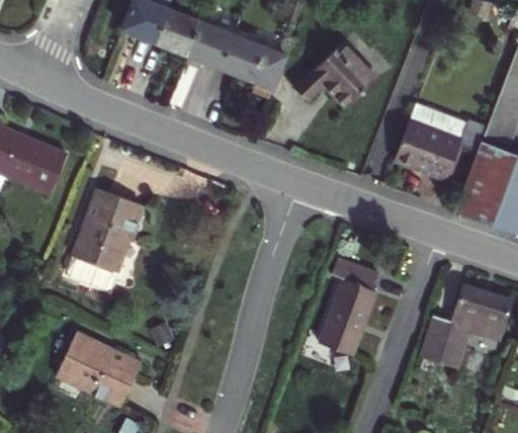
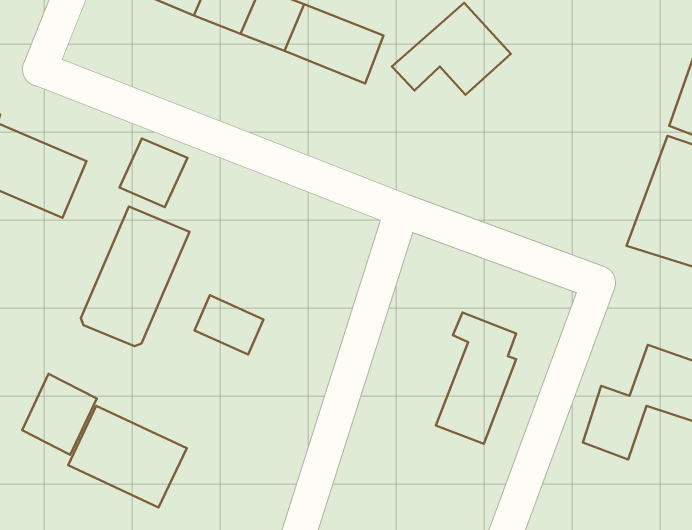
building: [393,103,487,179] -> none
building: none -> [119,138,187,207]
building: none -> [195,295,263,355]
building: none -> [22,374,97,455]

